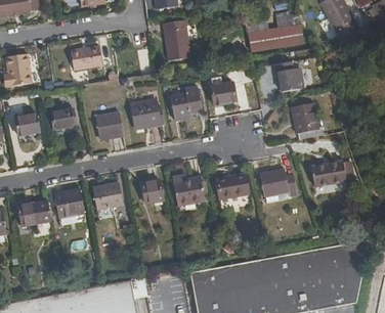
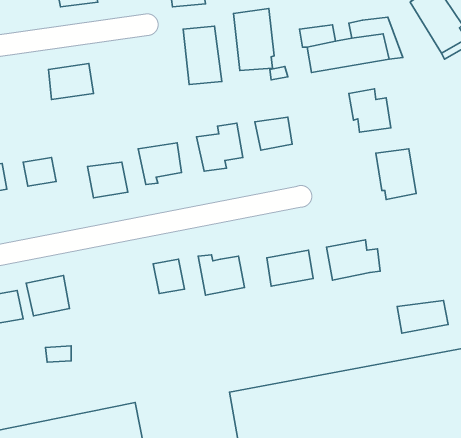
building: none -> [234,8,274,70]
building: [312,163,347,185] -> [397,300,448,333]
building: [93,184,124,211] -> none

